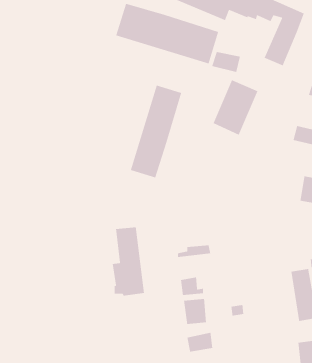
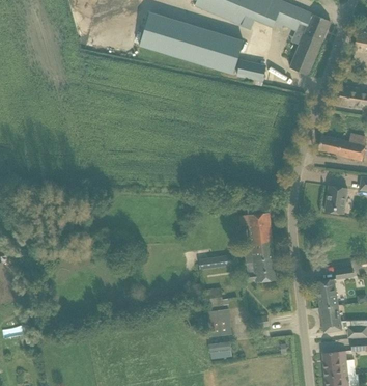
building: [212,79,259,136] -> none
building: [130,85,182,178] -> none
building: [112,227,145,296] -> [244,212,277,282]

